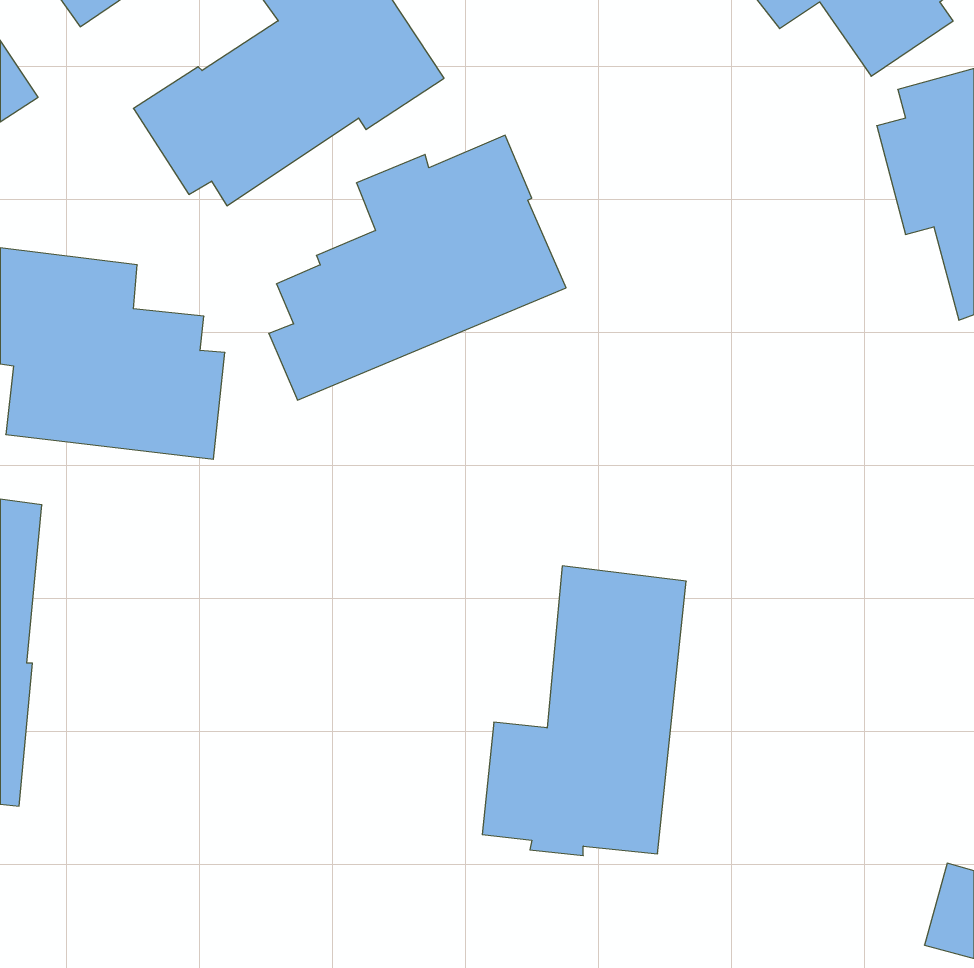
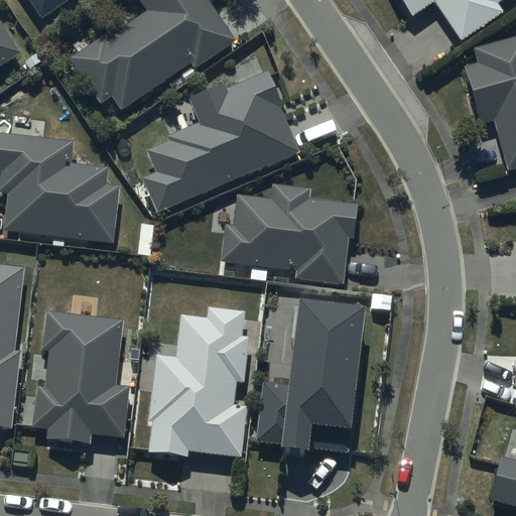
building: none -> [221,183,357,284]
building: none -> [146,306,249,458]
building: none -> [30,310,129,443]

